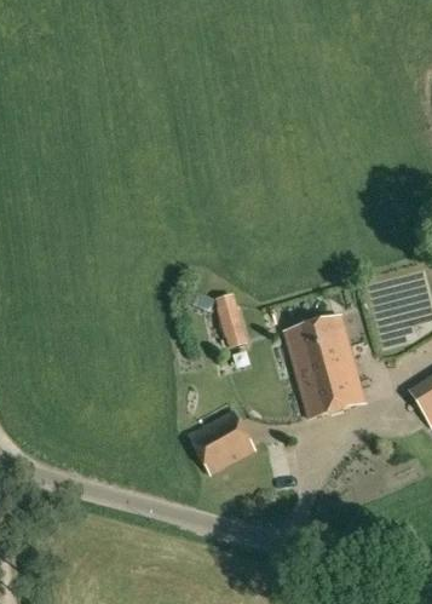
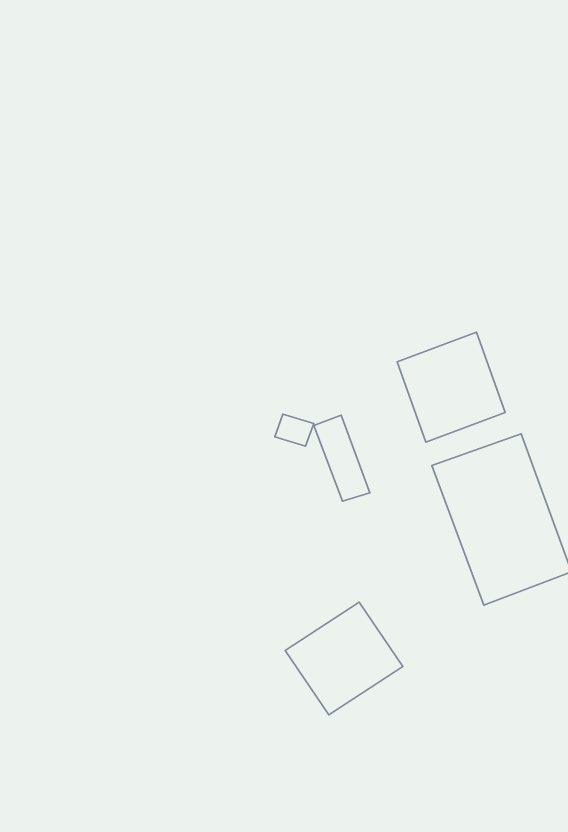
building: none -> [397,332,505,442]

